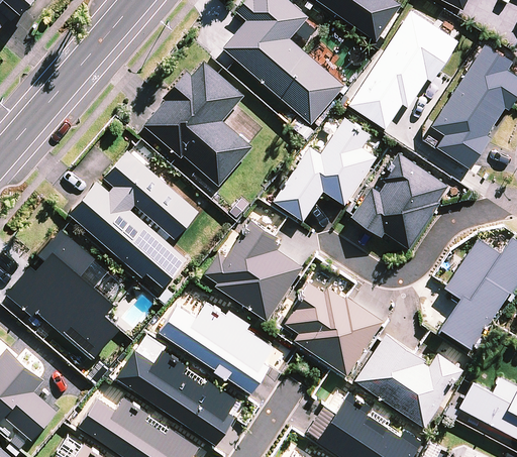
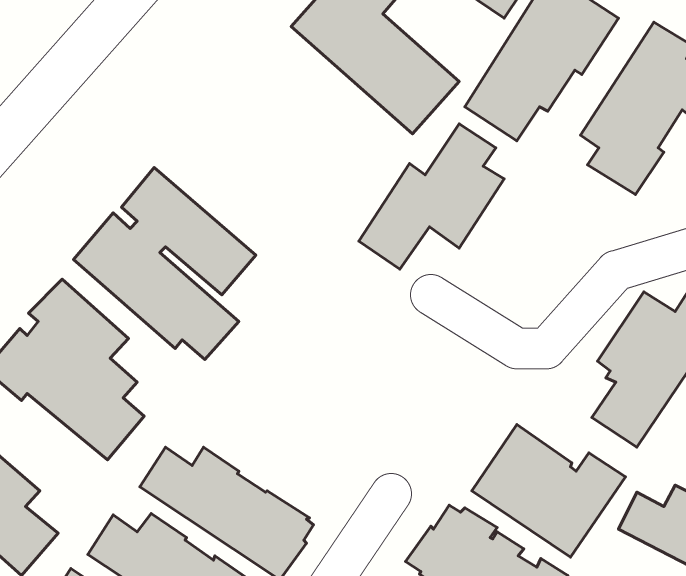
building: [142,62,252,188] -> none
building: [349,154,447,249] -> none
building: [203,220,303,322] -> none
building: [284,283,383,377] -> none
building: [159,303,274,394] -> none

